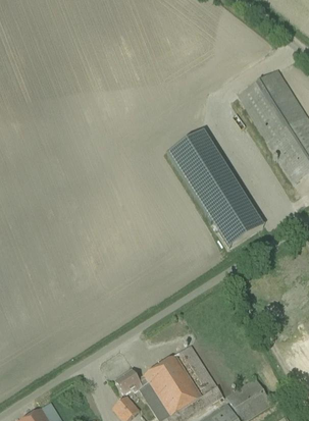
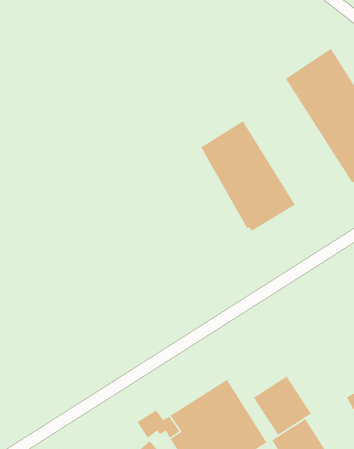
building: [211,201,263,249] -> none
building: none -> [253,375,312,436]

